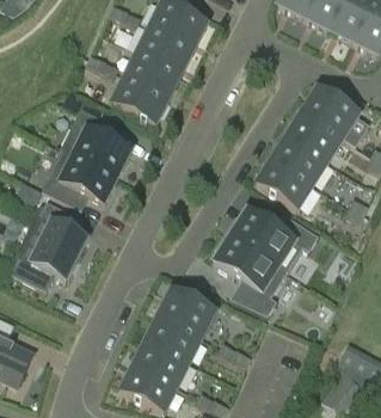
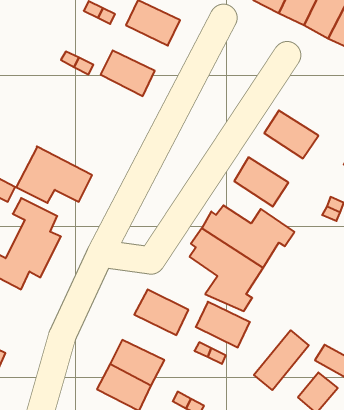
building: [137,29,192,74] -> none
building: [112,78,167,124] -> none
building: [302,90,357,139] -> none
building: [60,107,131,178] -> none
building: [272,136,326,185] -> none
building: [147,316,201,362] -> [196,302,250,347]
building: none -> [254,330,309,390]

